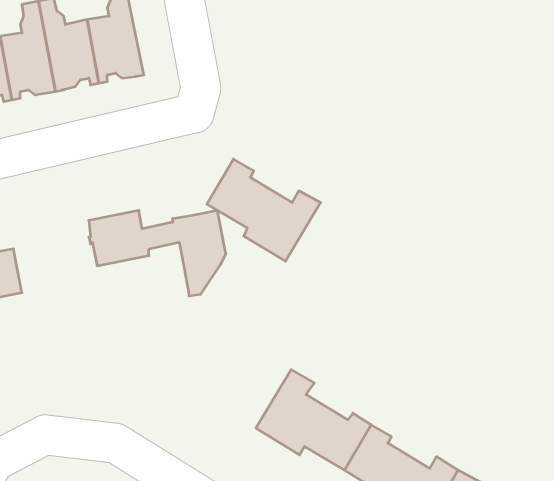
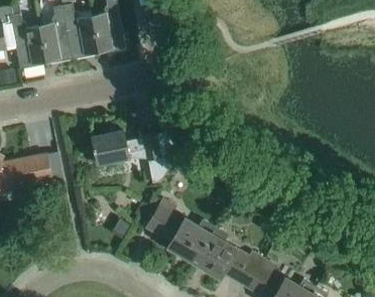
building: [207,159,321,261] -> [146,200,215,262]

